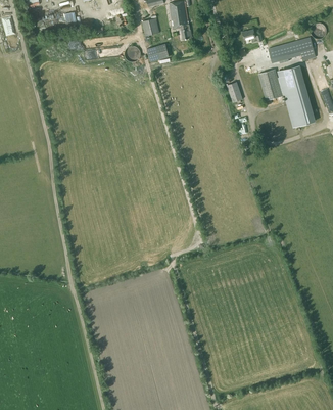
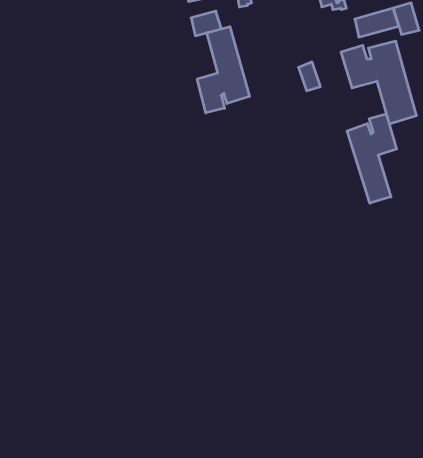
building: none -> [197,27,250,113]
building: none -> [347,114,397,203]

